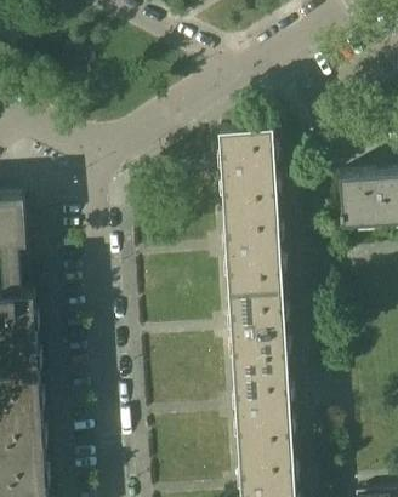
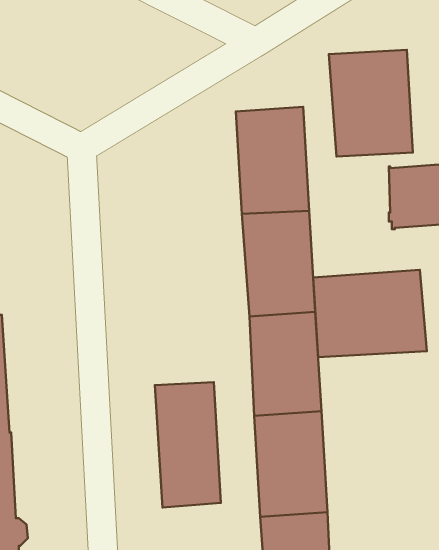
building: none -> [329,50,413,157]
building: none -> [313,270,427,357]
building: none -> [155,382,221,508]

